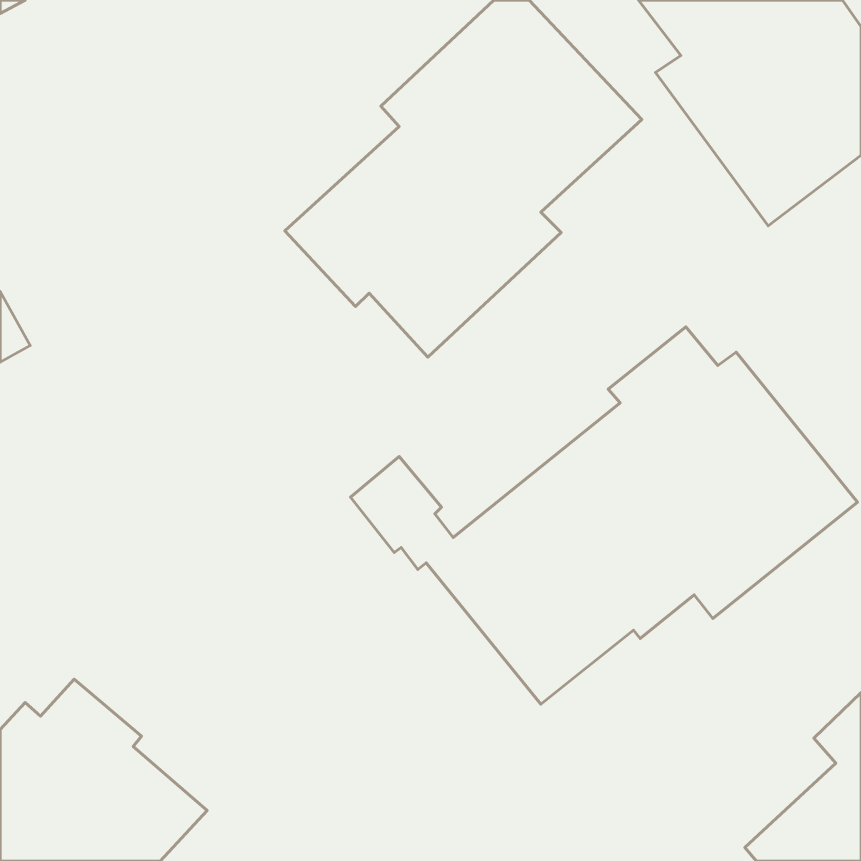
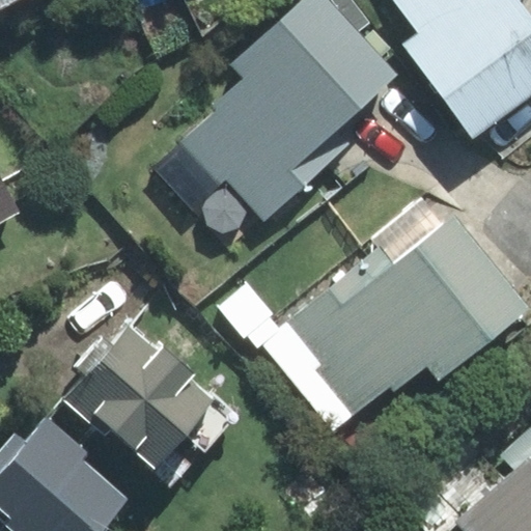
building: none -> [68,327,232,486]

